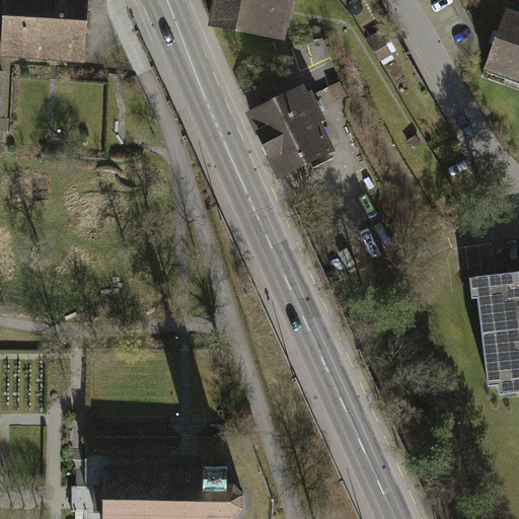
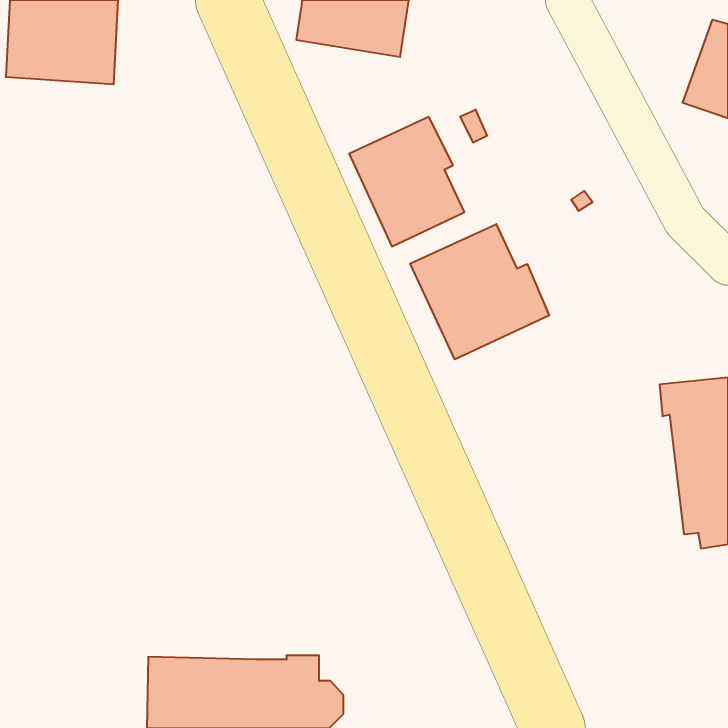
building: none -> [410,224,549,359]

